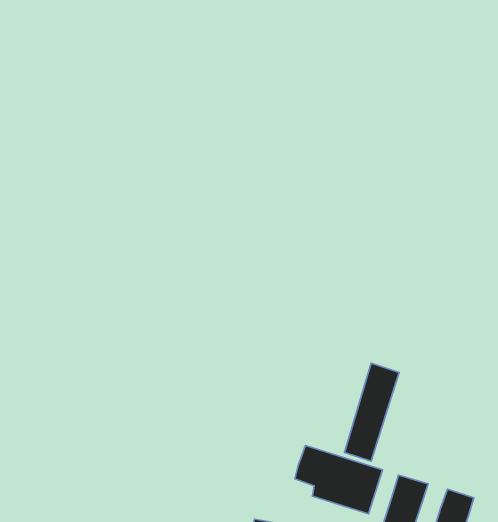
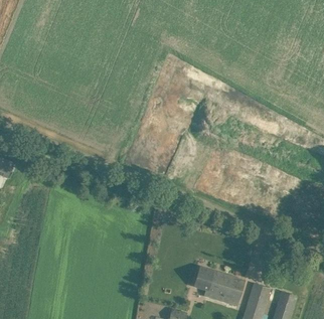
building: [344,363,399,461] -> none

